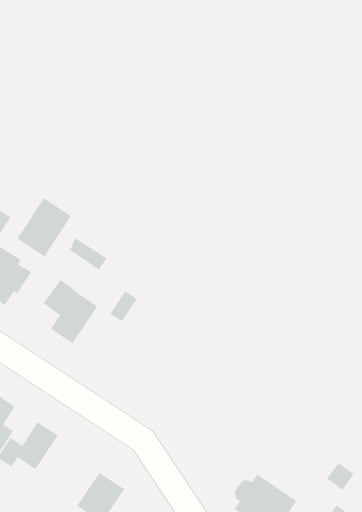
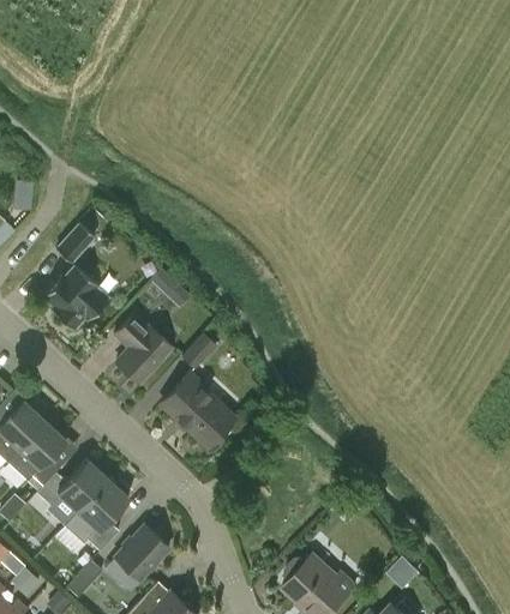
building: [17,197,72,257] -> none
building: none -> [161,373,233,447]
building: none -> [65,480,128,552]

